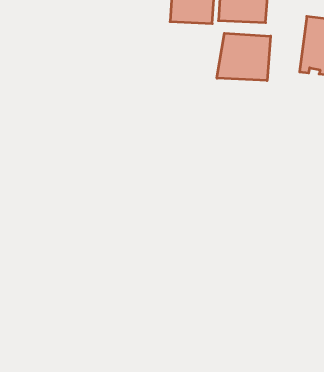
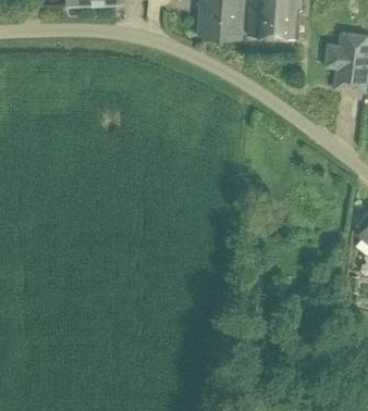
building: [217,33,271,81] -> none

